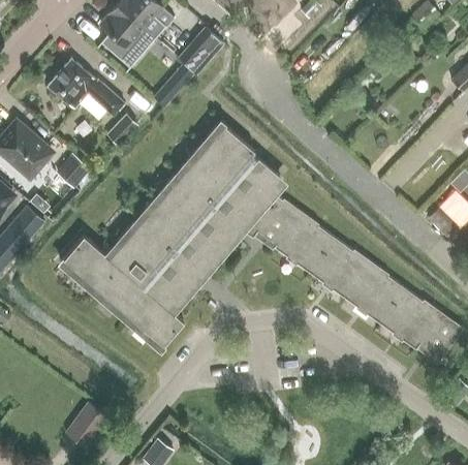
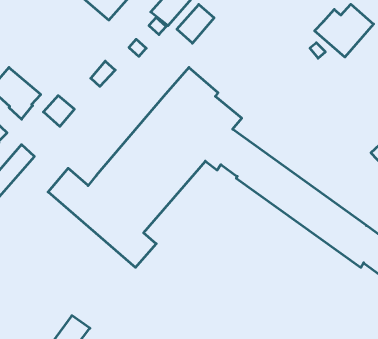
building: none -> [315,4,374,57]
building: none -> [177,4,214,43]
building: [49,59,125,115] -> none

